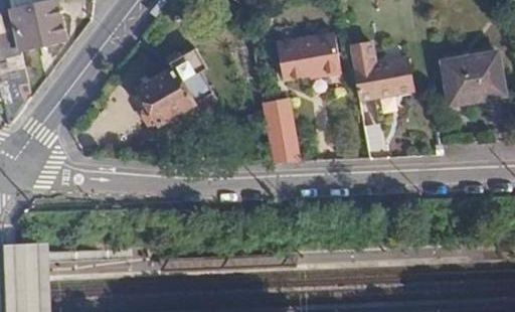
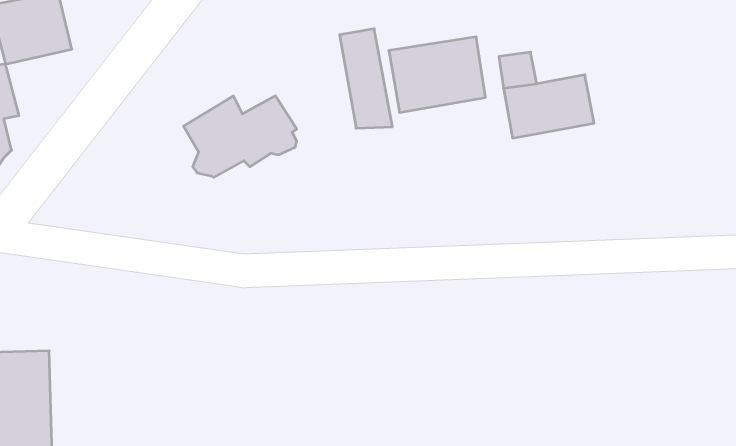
building: [442,55,503,106] -> none
building: [264,96,299,162] -> [340,29,392,128]

